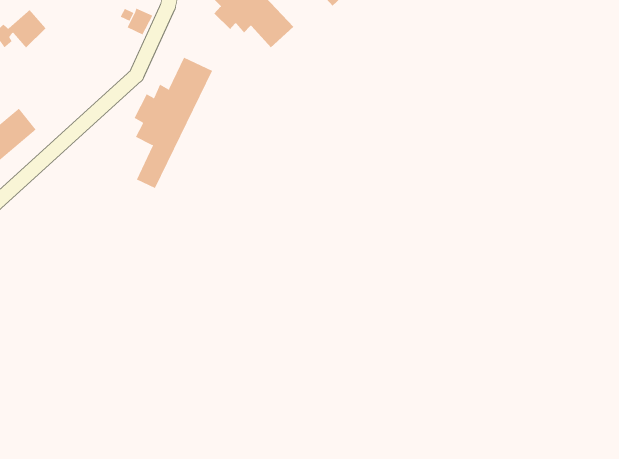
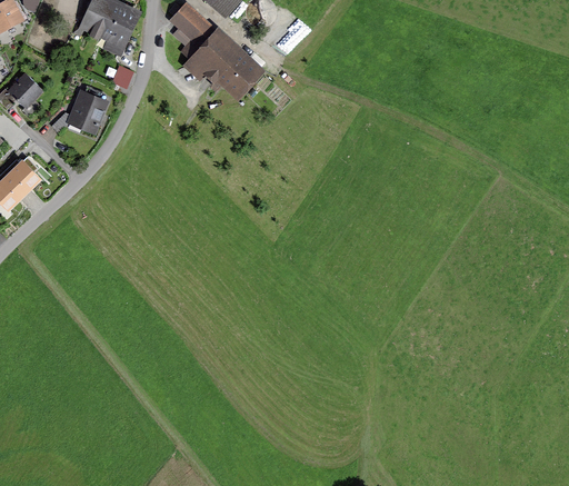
building: none -> [72,91,107,132]
building: [134,57,213,189] -> none

